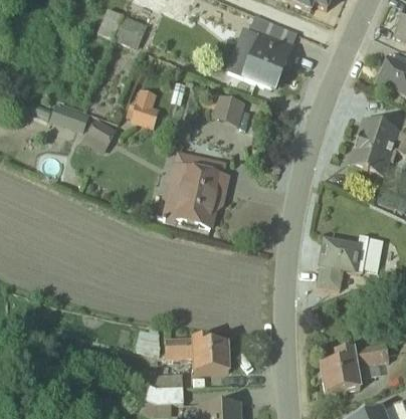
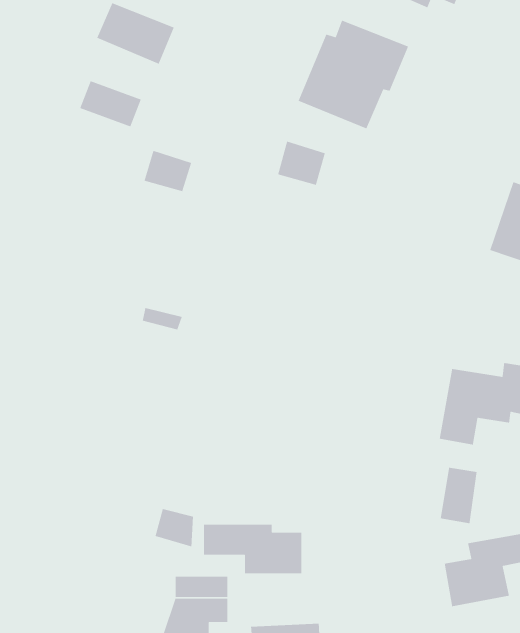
building: [50,99,90,130] -> [79,80,142,127]
building: [83,119,117,154] -> none
building: [163,162,229,226] -> none
building: none -> [440,467,478,524]

